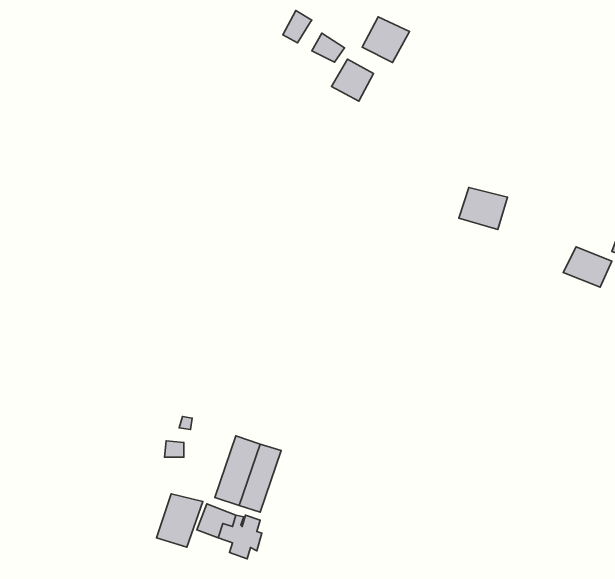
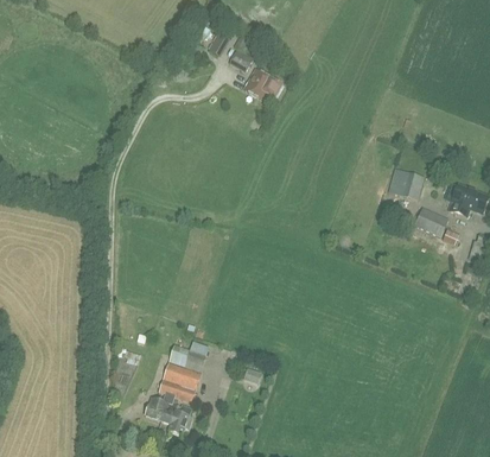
building: [362,17,410,62] -> none
building: [459,187,508,229] -> [388,167,424,198]
building: [157,494,203,547] -> none

